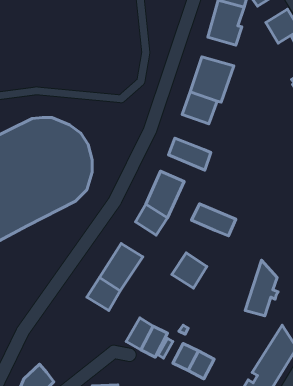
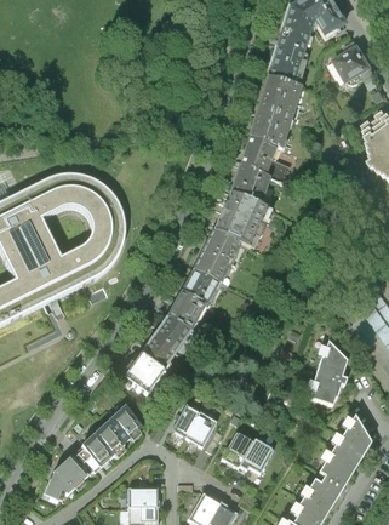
building: none -> [257,76,302,110]
building: none -> [225,167,270,209]
building: [191,204,236,236] -> [208,215,261,252]
building: [172,253,207,288] -> [162,293,204,335]
building: none -> [75,411,139,481]

